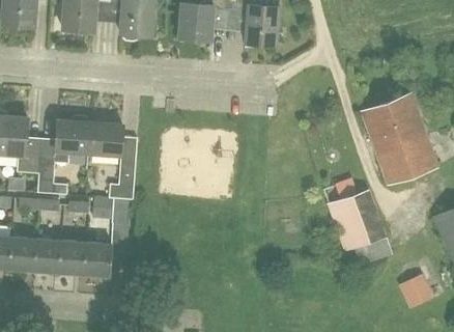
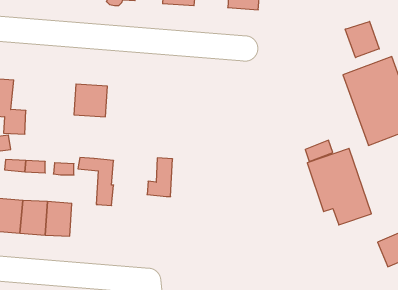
building: none -> [345,21,379,58]
building: [37,114,90,193] -> none
building: [109,159,135,198] -> [147,158,173,197]
building: [84,242,111,277] -> none

